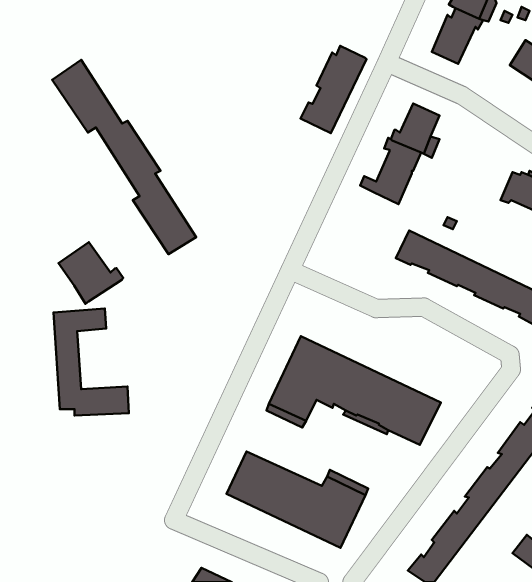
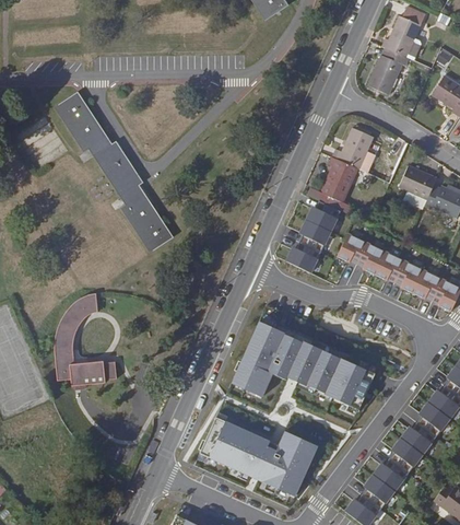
building: [301,46,367,133] -> [286,200,341,272]
building: none -> [398,164,437,199]
building: [59,242,123,304] -> none

